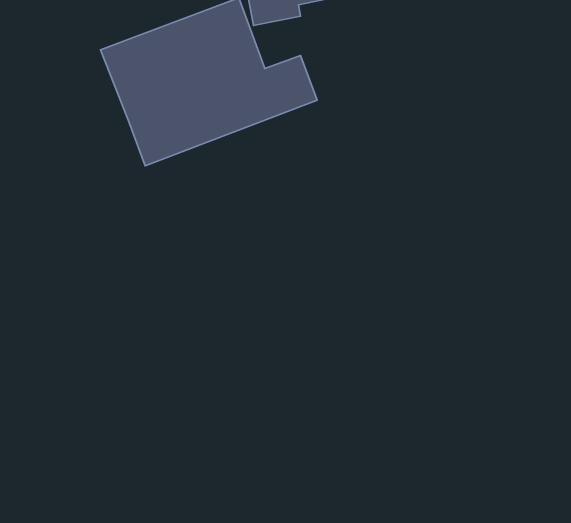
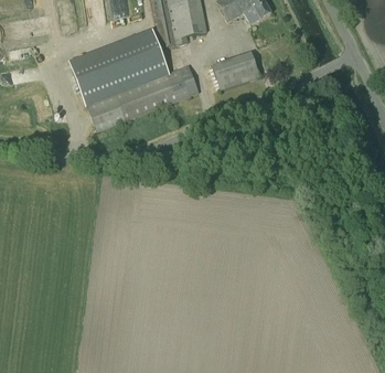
building: none -> [213,50,259,88]

